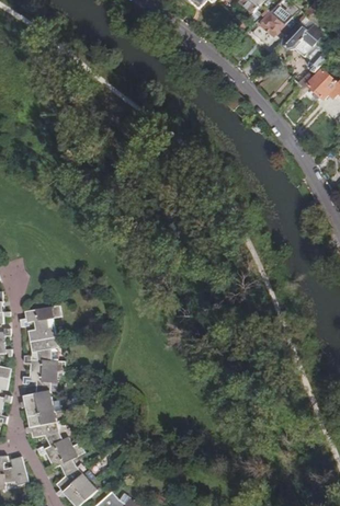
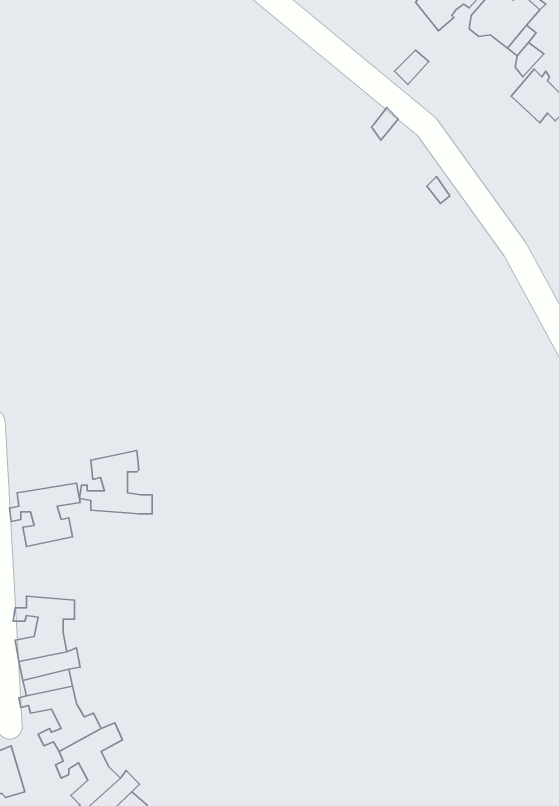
building: [23,336,65,372] -> [79,451,152,514]

